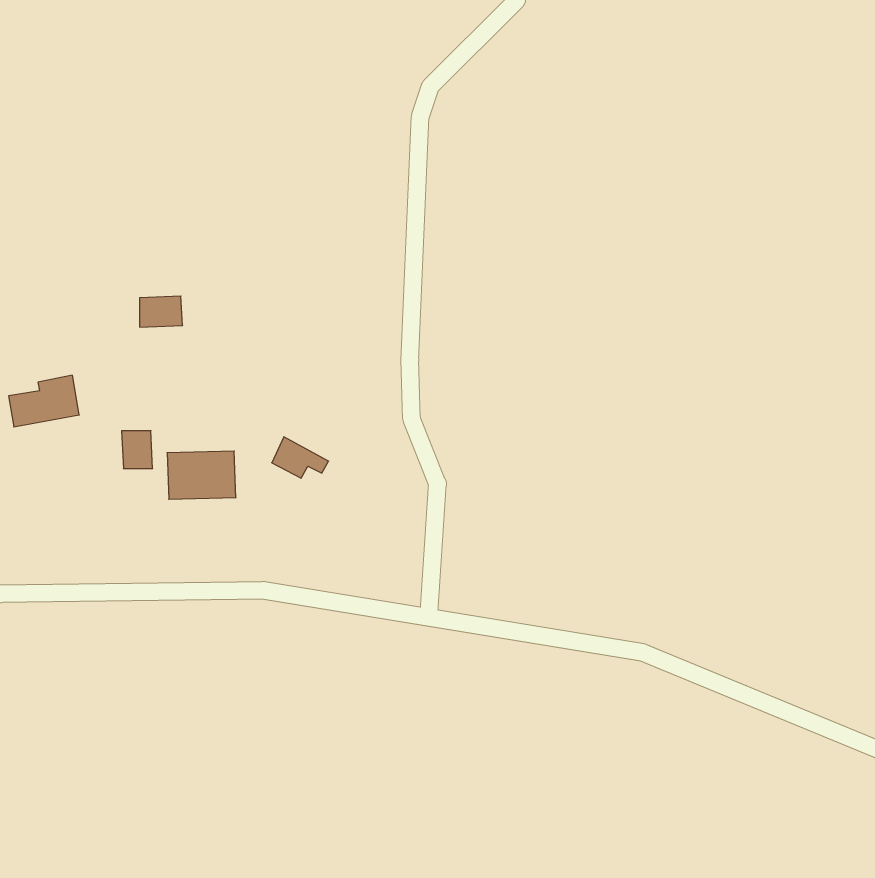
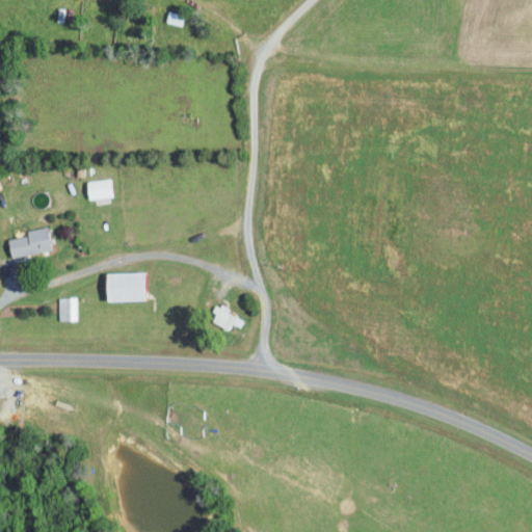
building: [122,431,153,469] -> [59,298,78,321]
building: [272,437,329,478] -> [212,305,246,330]

